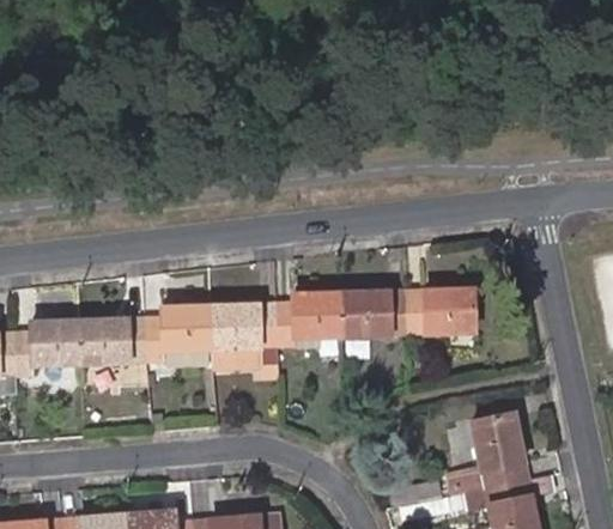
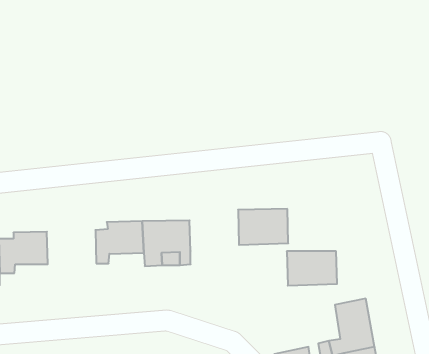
building: [408,290,477,336] -> [287,251,337,286]
building: [275,291,342,347] -> none
building: [81,318,148,365] -> none

